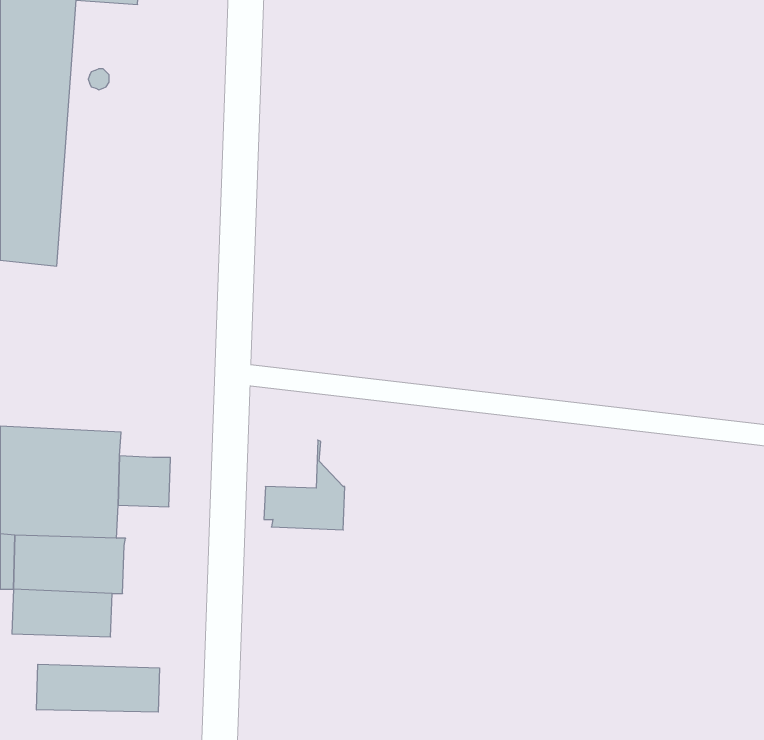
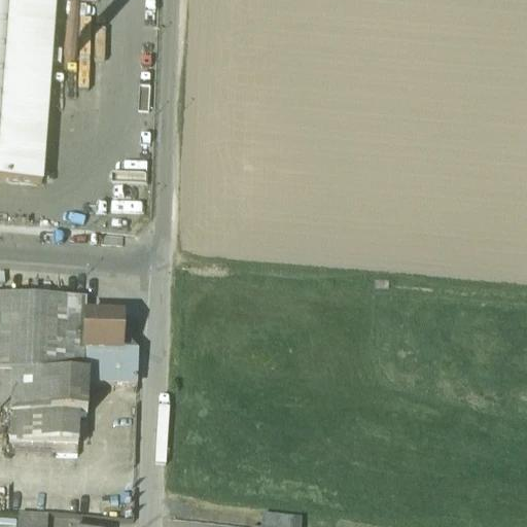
building: [264,440,345,530] -> [80,316,136,378]
building: [37,664,159,712] -> none

